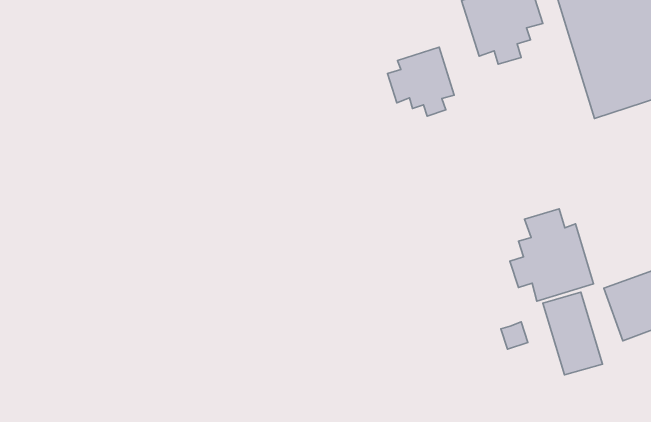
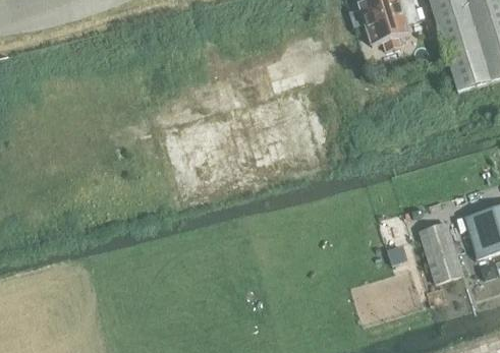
building: [388,47,454,116] -> none
building: [510,209,594,301] -> none

